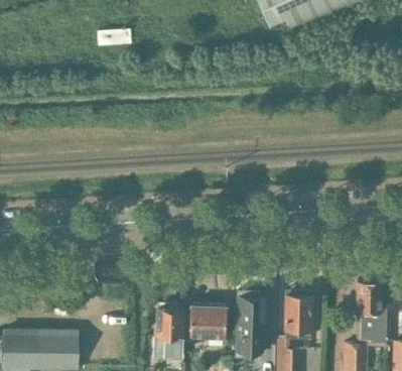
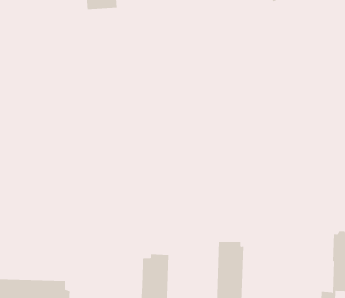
building: [286,290,311,340] -> none
building: [189,304,226,340] -> none

